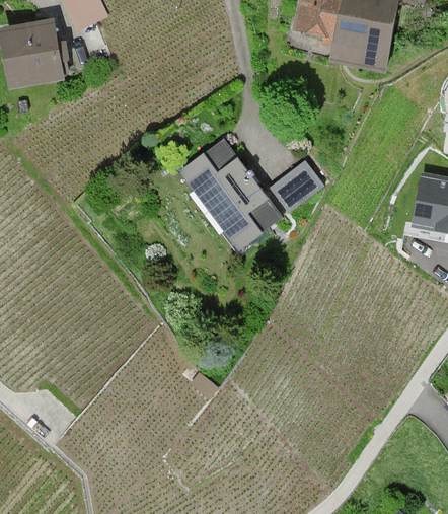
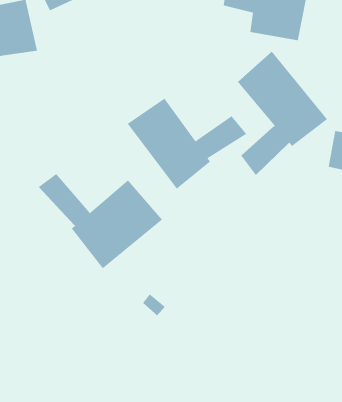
building: none -> [237,51,328,176]
building: none -> [38,173,163,269]

